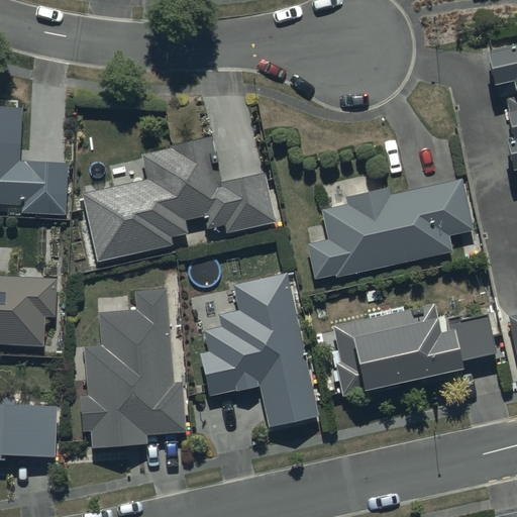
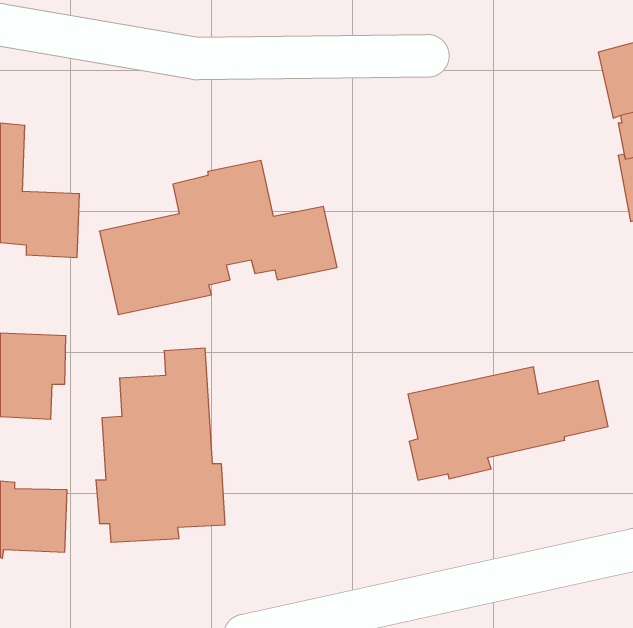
building: [308,180,473,280] -> none
building: [201,274,316,427] -> none

